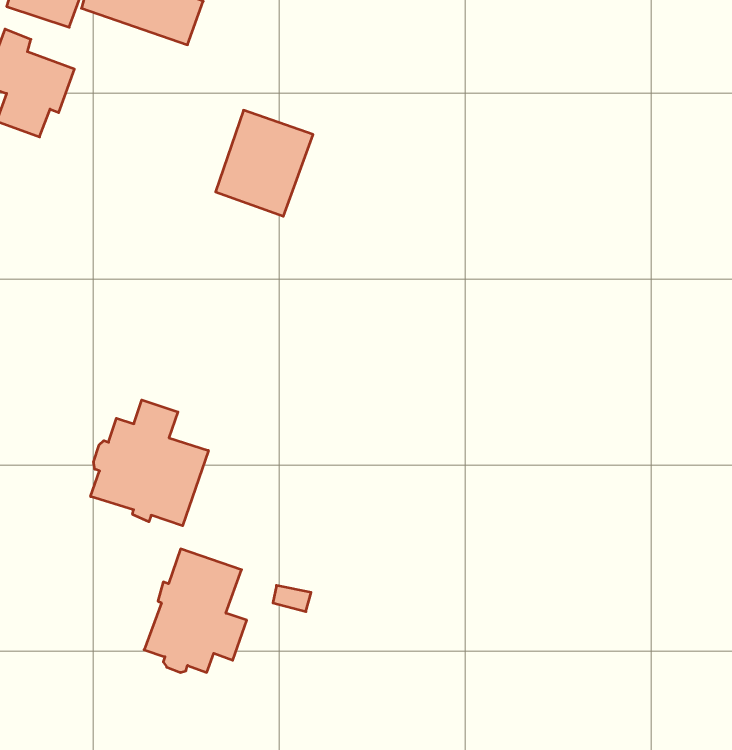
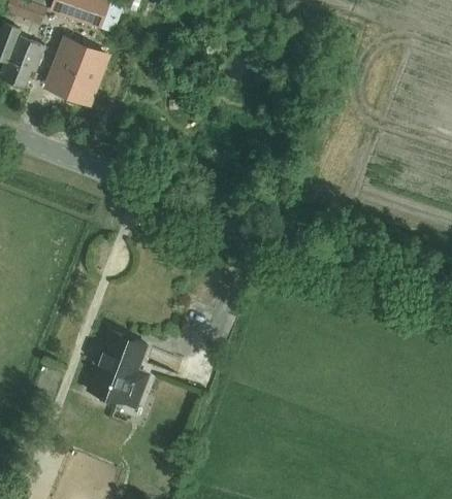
building: [216,110,313,216] -> [52,39,109,102]
building: [91,400,208,526] -> none

